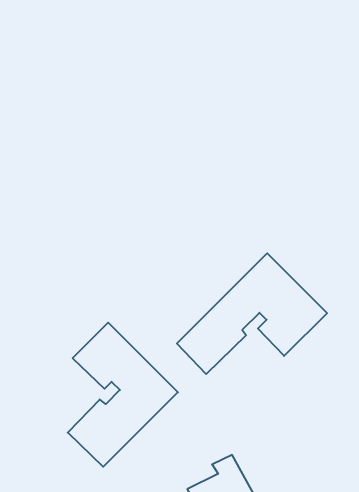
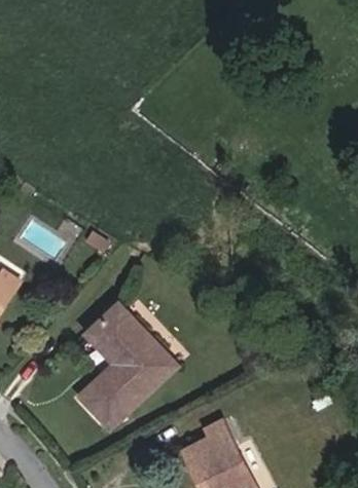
building: [177,253,327,374] -> none

